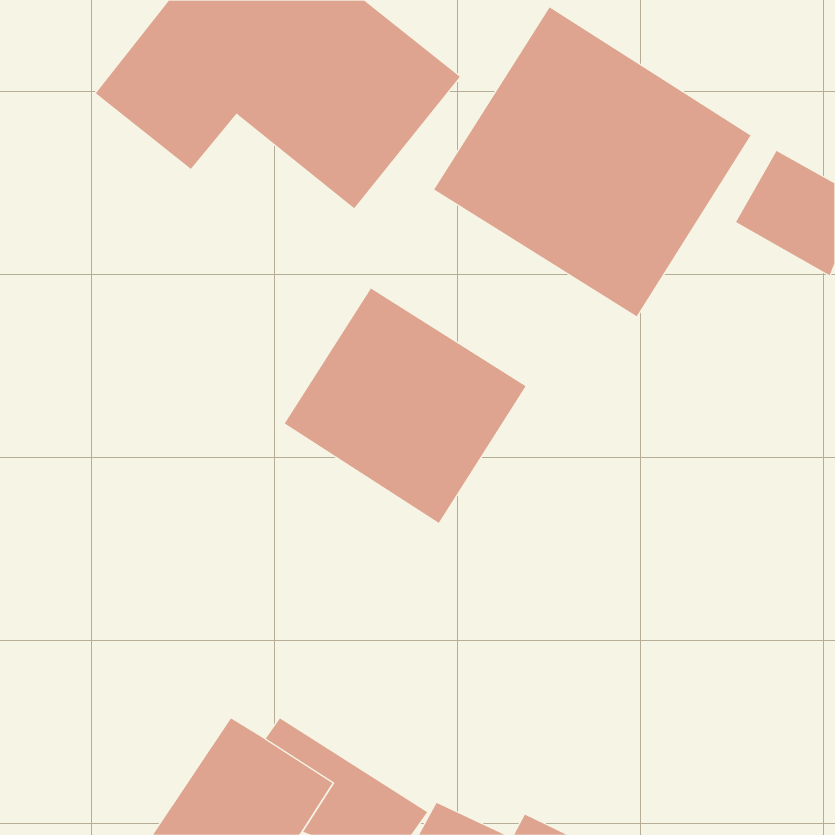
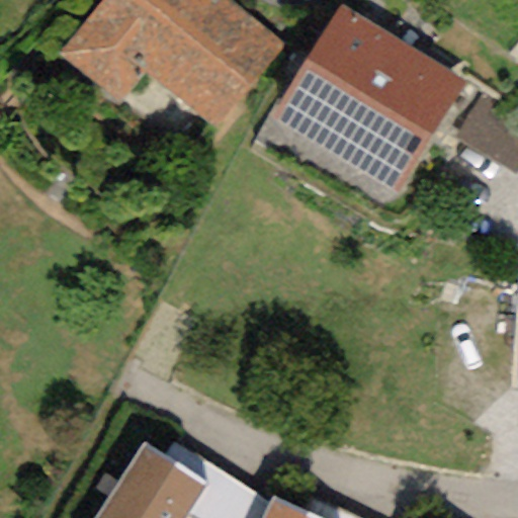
building: [284,287,526,524] -> none

